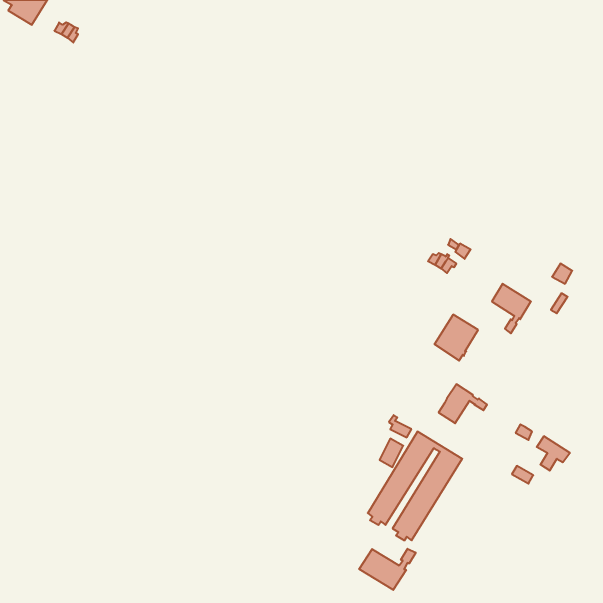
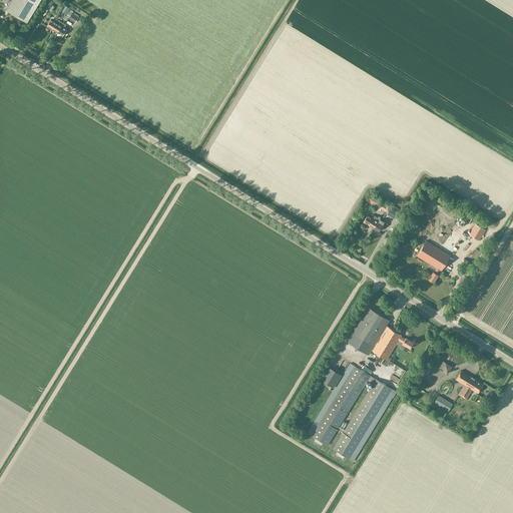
building: [434,315,478,361] -> [353,308,390,347]
building: [359,549,416,590] -> none

